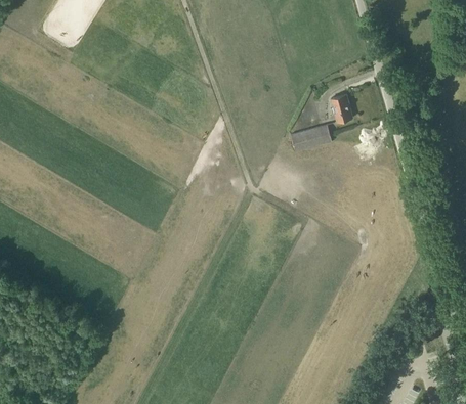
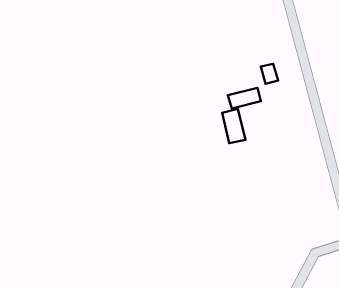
building: none -> [222,109,246,143]

